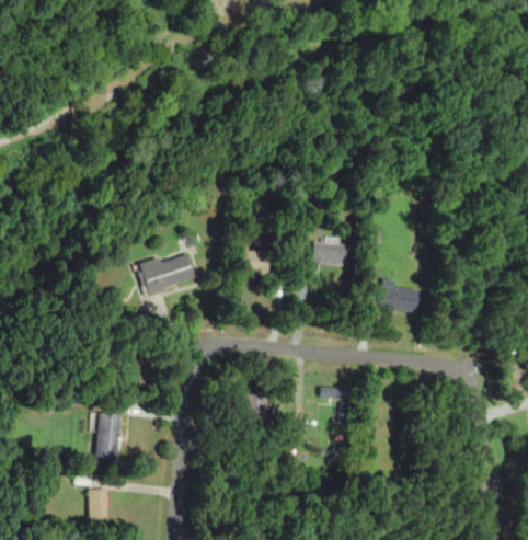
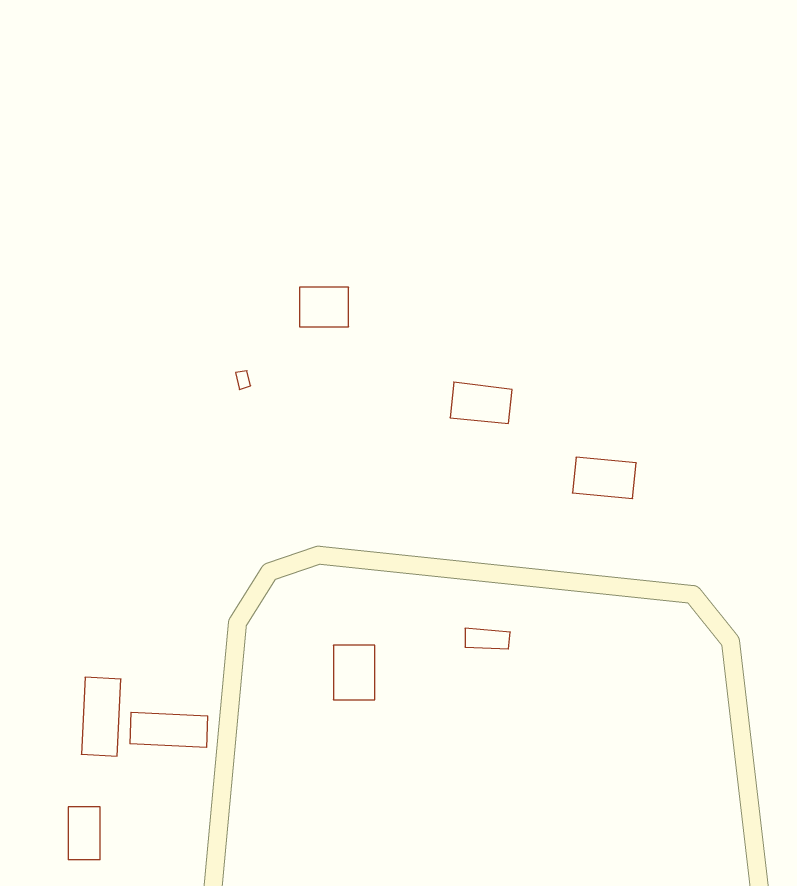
building: [239,250,267,273] -> [300,287,349,327]
building: [139,253,195,296] -> none
building: none -> [130,712,208,747]

